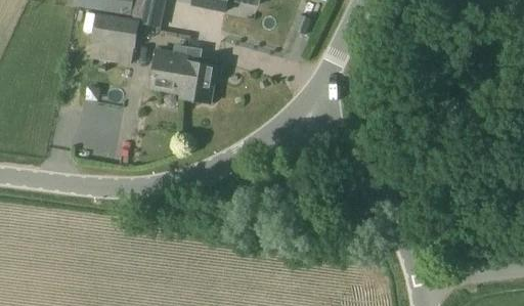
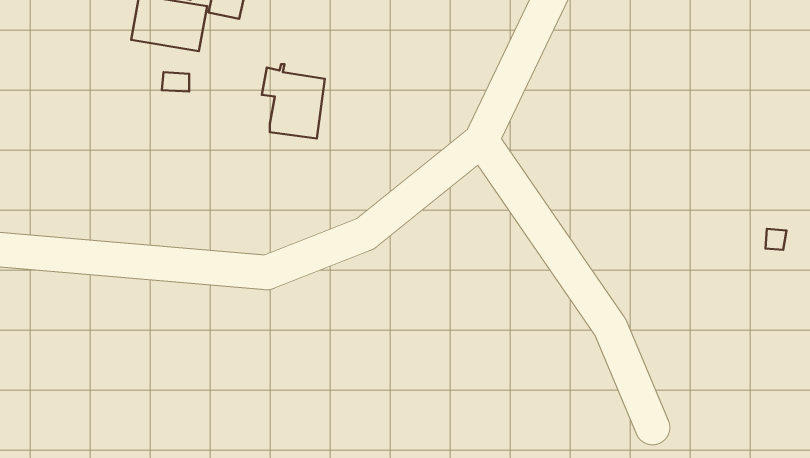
building: [148,50,186,93] -> none

